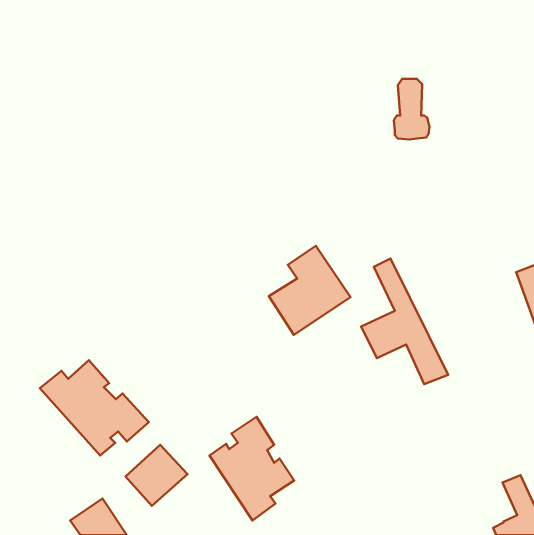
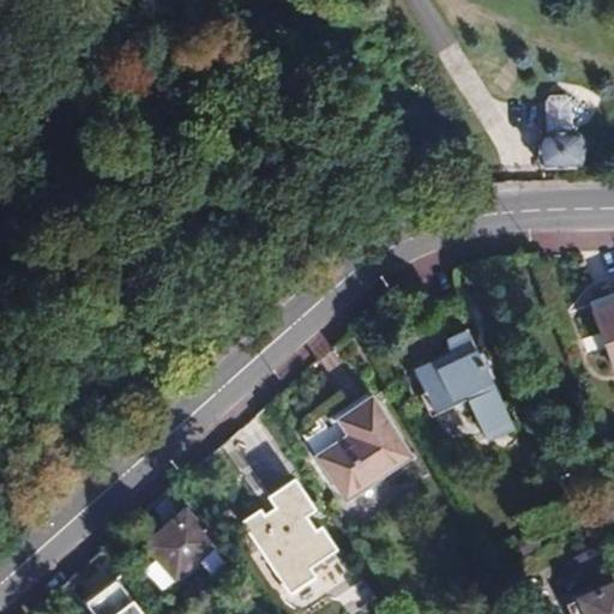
building: [394,79,429,139] -> [540,95,580,164]
building: [269,246,350,335] -> [318,398,411,500]
building: [40,360,149,456] -> none

